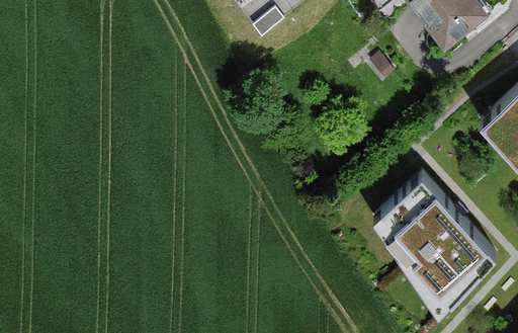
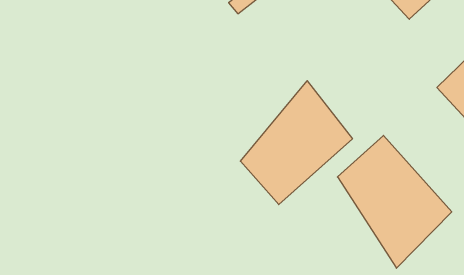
building: none -> [240,81,352,205]

